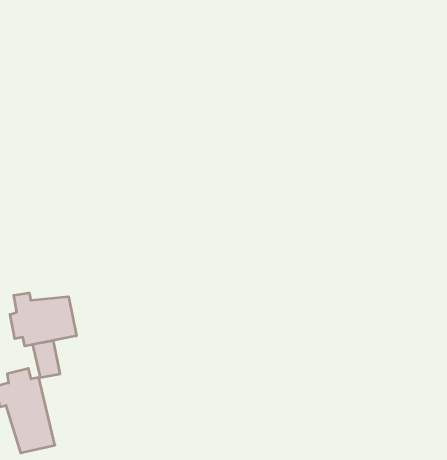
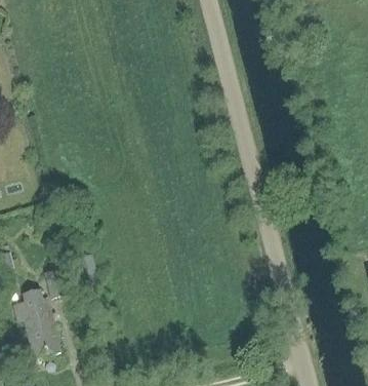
building: [10,293,76,346] -> none

